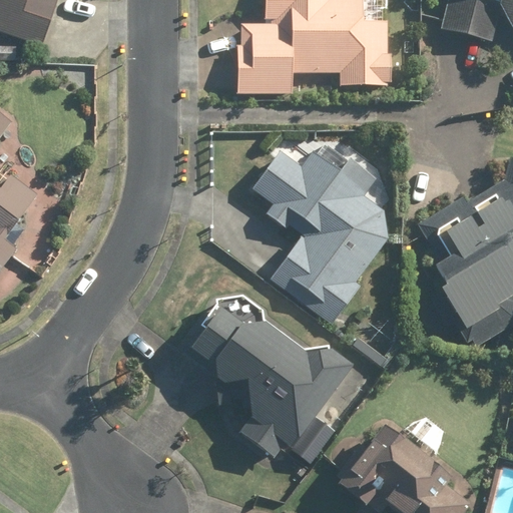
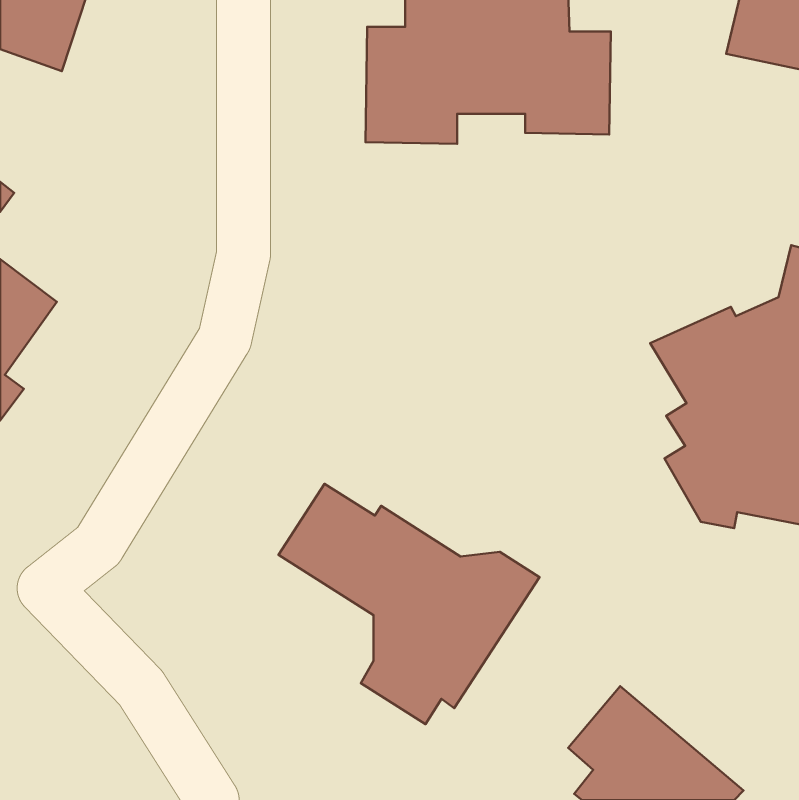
building: [251,134,392,324] -> none

